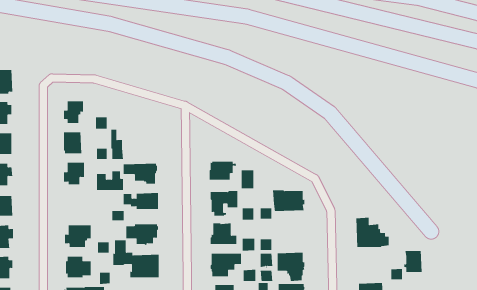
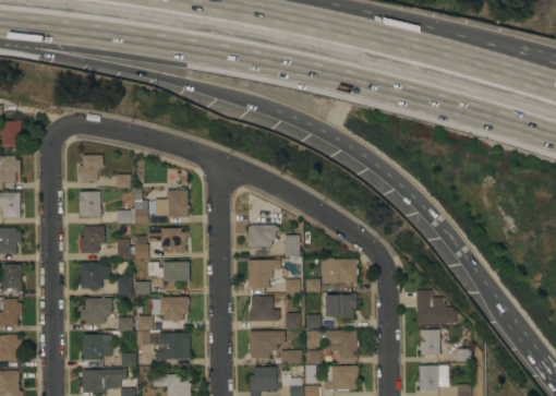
building: none -> [154,191,188,218]
building: none -> [80,263,132,296]
building: none -> [325,295,356,320]
building: [403,251,422,272] -> [418,331,439,356]

